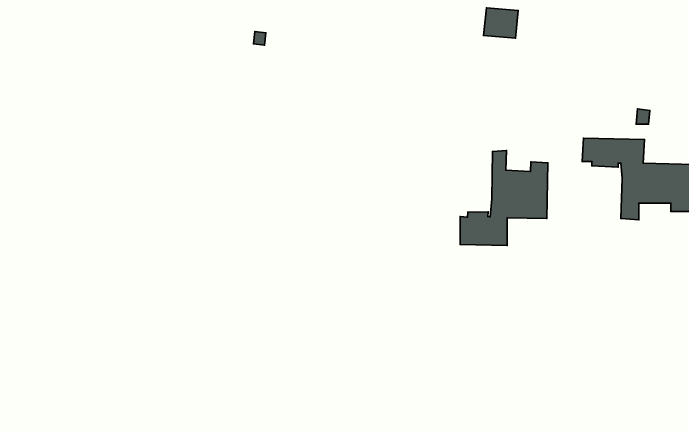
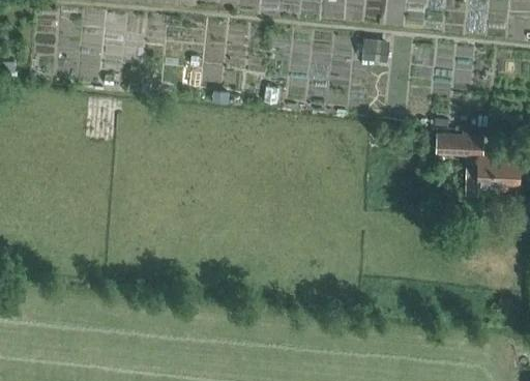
building: [460,151,548,246] -> none

